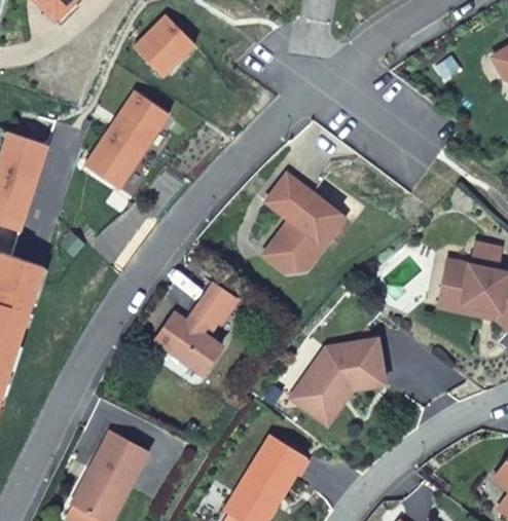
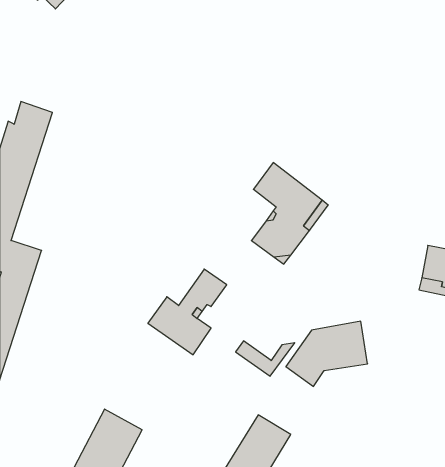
building: [133,13,195,74] -> none
building: [84,89,170,187] -> none
building: [291,386,353,423] -> [236,341,295,376]

